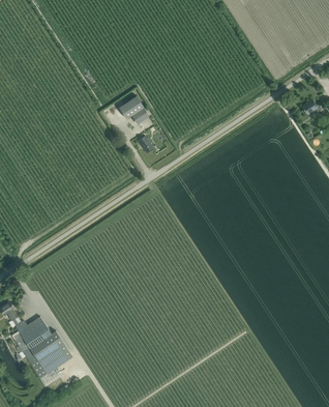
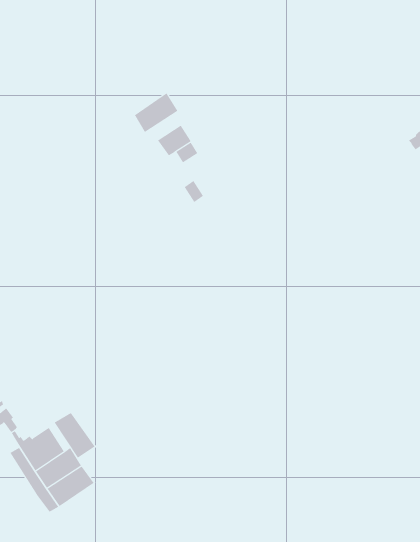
building: none -> [134,92,178,133]
building: none -> [54,412,95,458]

